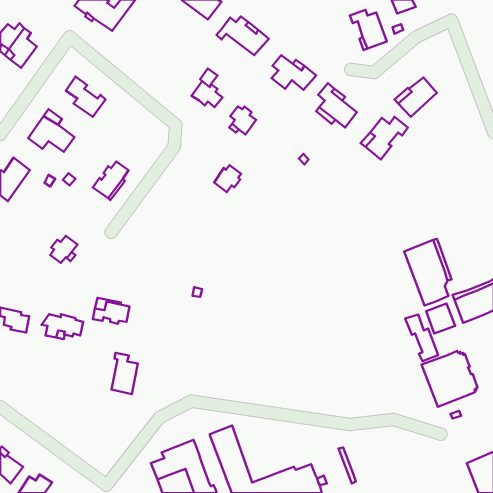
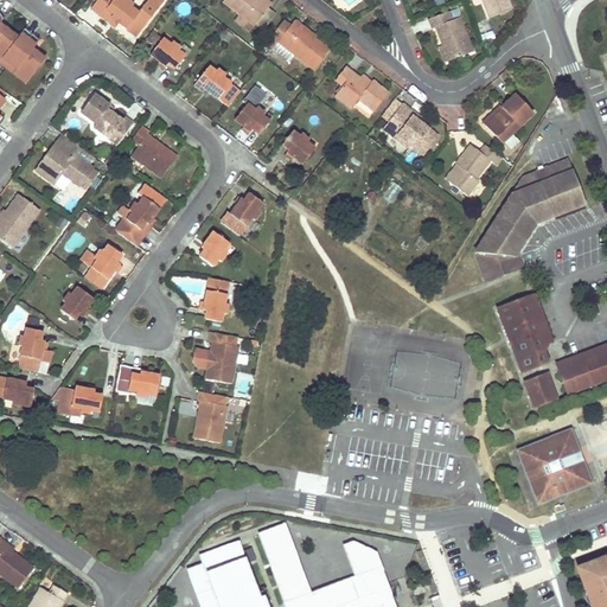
building: none -> [148,37,183,66]
building: none -> [200,65,242,107]
building: none -> [132,124,179,177]
building: none -> [473,158,587,283]
building: [214,165,241,192] -> [229,192,262,225]
building: none -> [200,231,230,263]
building: none -> [87,244,123,289]
building: none -> [205,279,231,321]
building: none -> [18,326,51,371]
building: none -> [192,332,238,382]
building: [405,315,438,361] -> none
building: [112,353,138,394] -> [194,392,226,443]
building: none -> [343,541,383,576]

